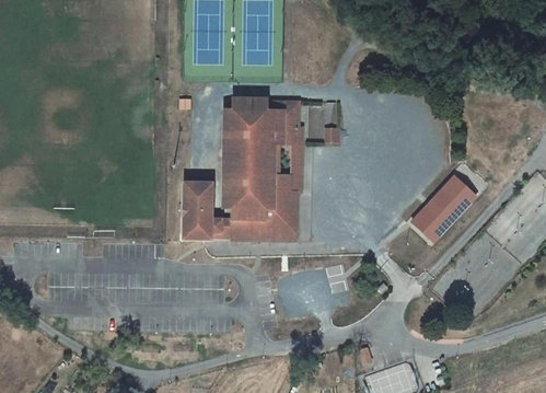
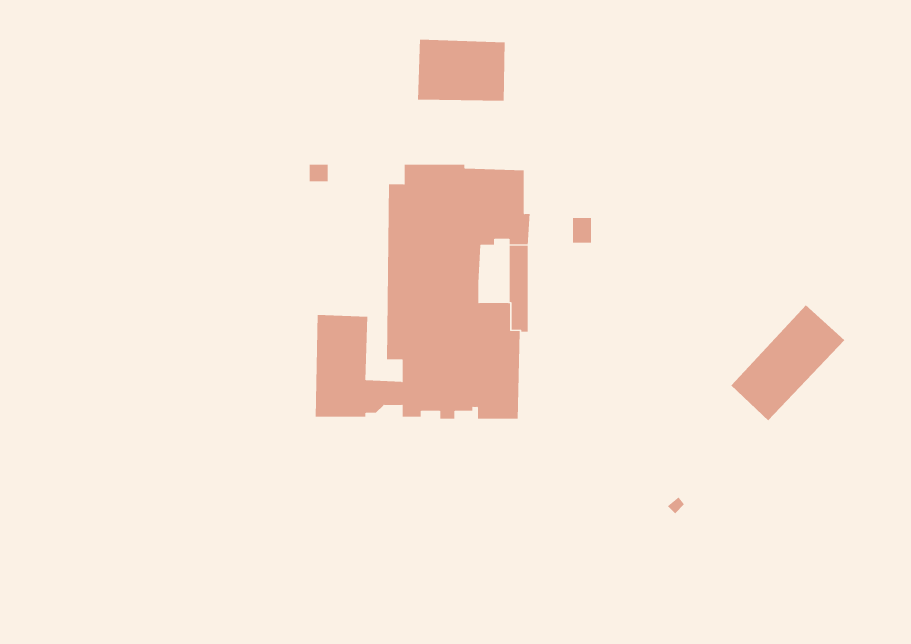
building: none -> [417,39,505,102]

